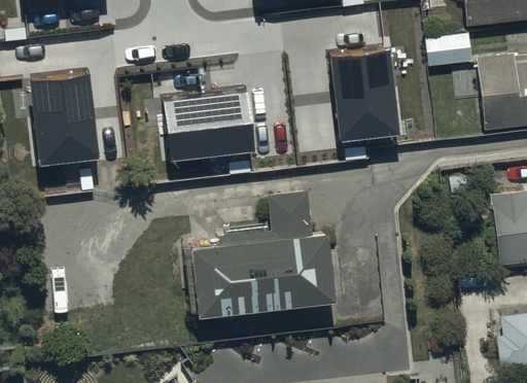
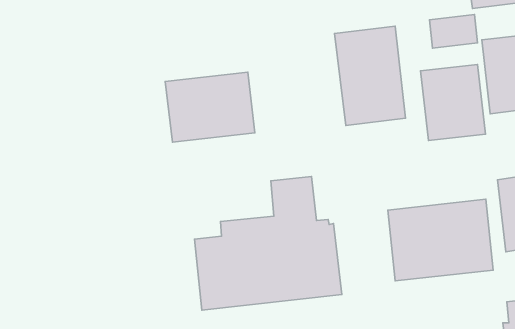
building: [29,69,100,166] -> none
building: none -> [420,64,485,141]
building: none -> [388,199,493,281]

